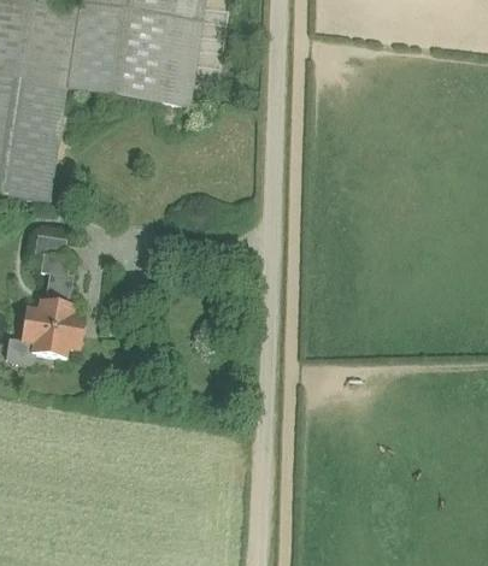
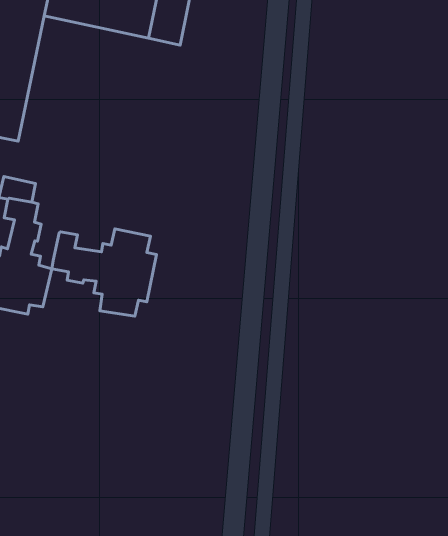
building: none -> [52,229,156,316]

